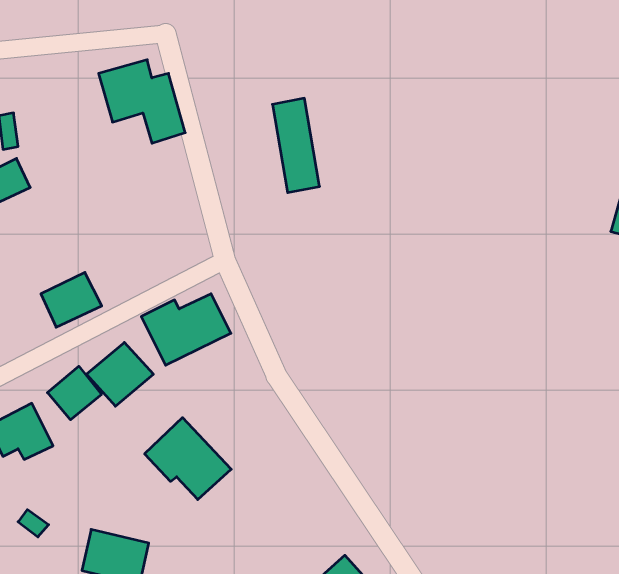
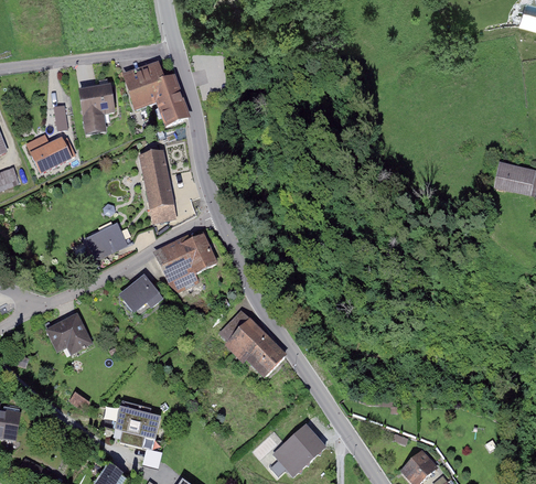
building: none -> [82,84,118,133]
building: [272,98,320,193] -> [139,149,173,217]
building: [47,366,101,420] -> none
building: [145,418,231,500] -> [223,318,286,377]

